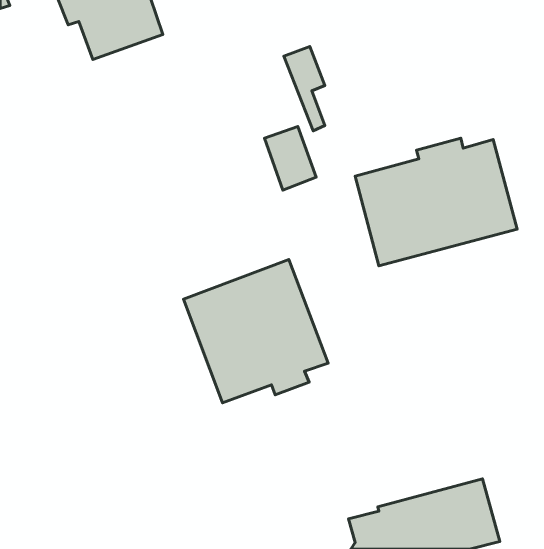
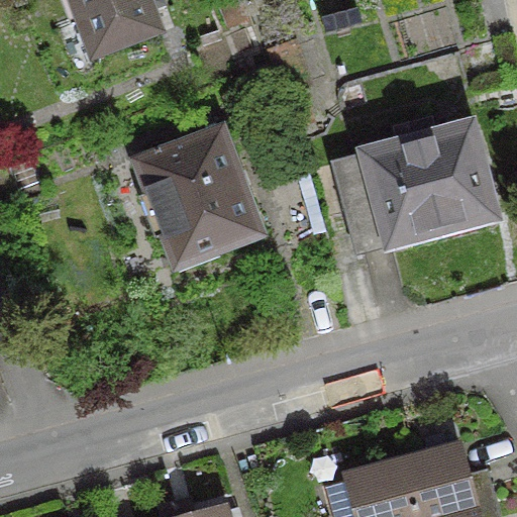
building: none -> [139,130,261,264]
building: [184,259,328,403] -> none

